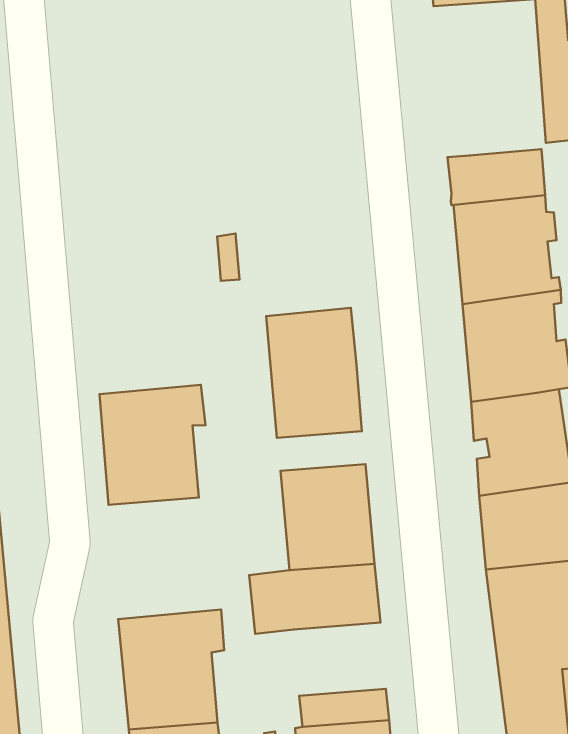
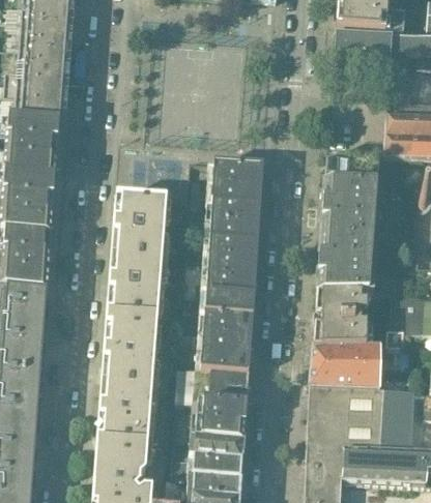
building: none -> [211,162,264,230]
building: none -> [112,196,171,259]
building: none -> [200,295,254,318]
building: none -> [102,317,162,385]
building: none -> [195,403,247,444]

